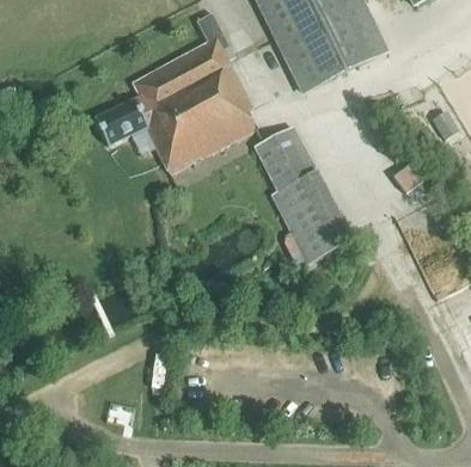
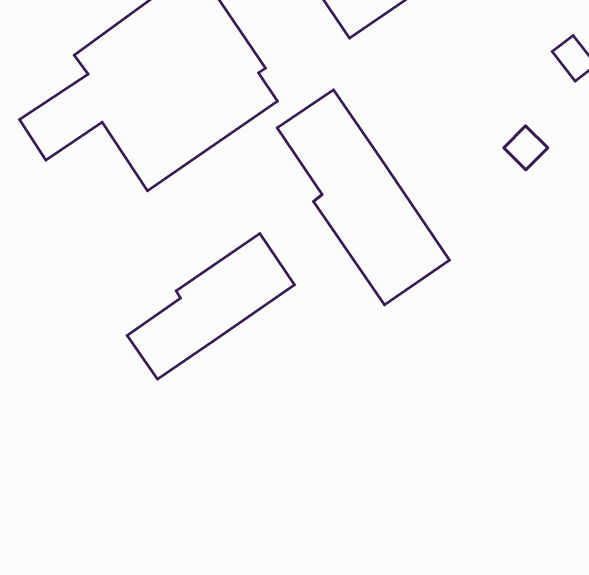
building: none -> [127,234,294,379]

